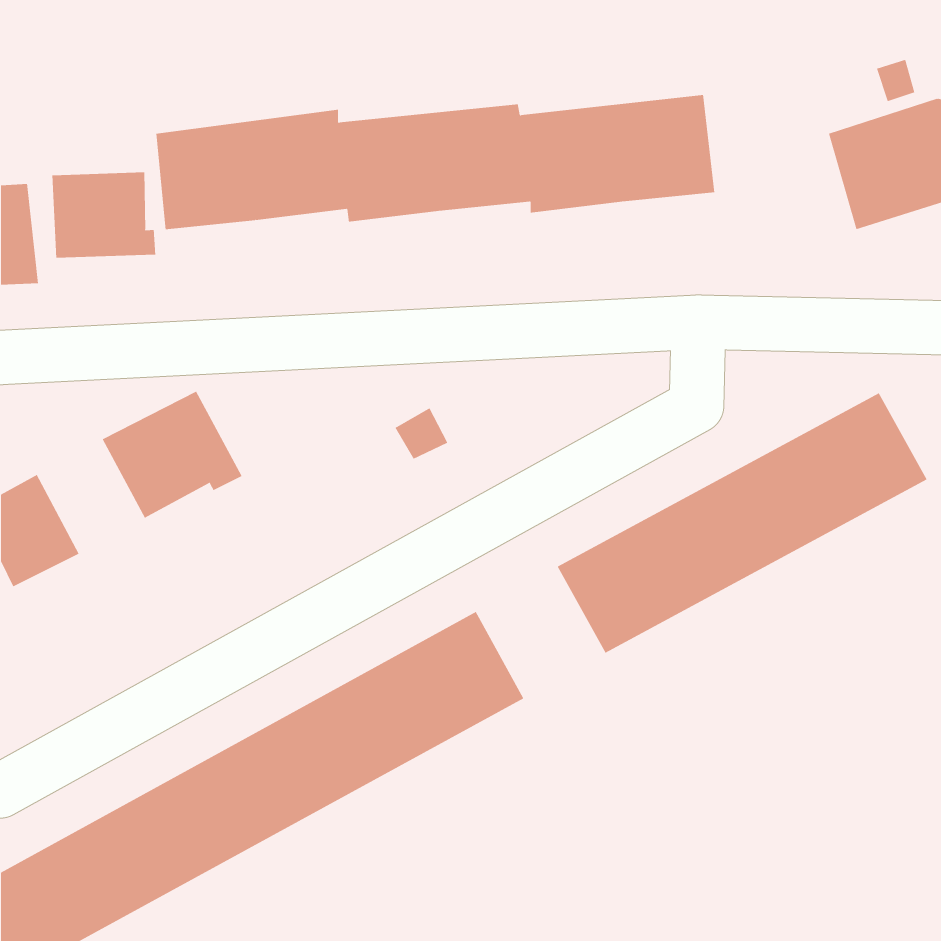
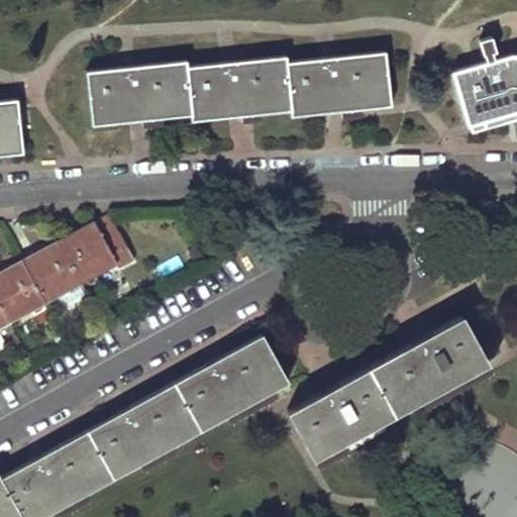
building: [52,171,156,258] -> none
building: [557,392,927,654] -> [288,318,490,460]
building: none -> [23,242,82,305]

